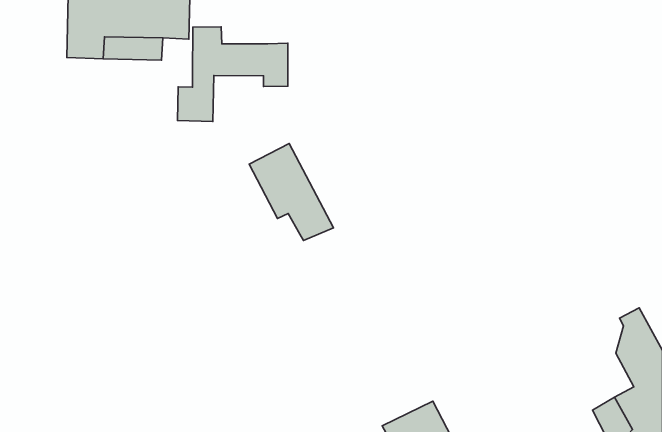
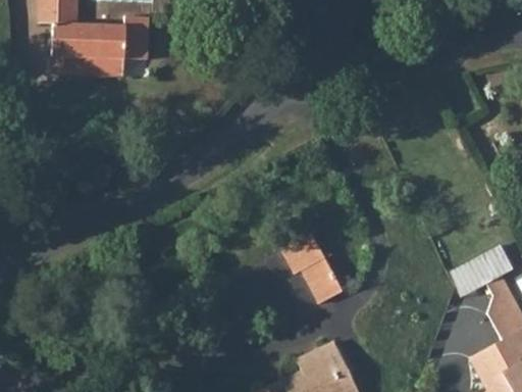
building: [177,27,288,121] -> none
building: [249,143,333,241] -> [273,222,340,298]

